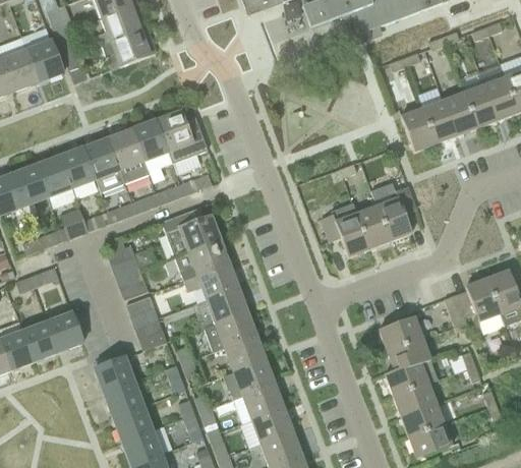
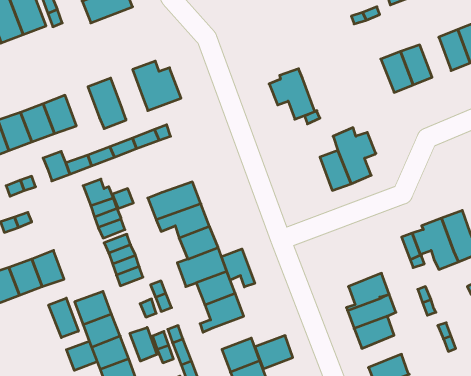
building: [463,84,497,127] -> none
building: [401,108,436,151] -> none
building: [132,119,168,161] -> none
building: [83,137,125,191] -> none
building: [321,202,369,256] -> [269,69,315,119]
building: [160,207,220,256] -> none
building: none -> [222,249,255,287]
building: [379,316,422,351] -> none
building: none -> [49,298,78,338]
building: [242,383,283,418] -> [255,336,293,369]
building: none -> [130,327,157,361]
building: [401,403,444,437] -> none
building: none -> [66,341,97,370]

